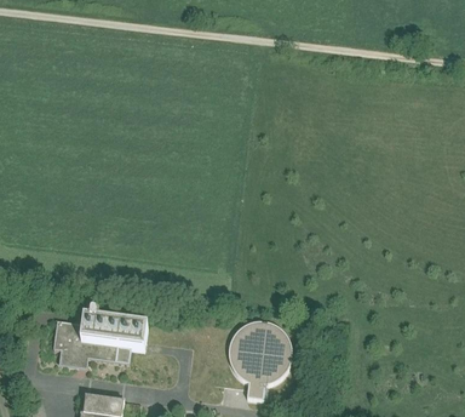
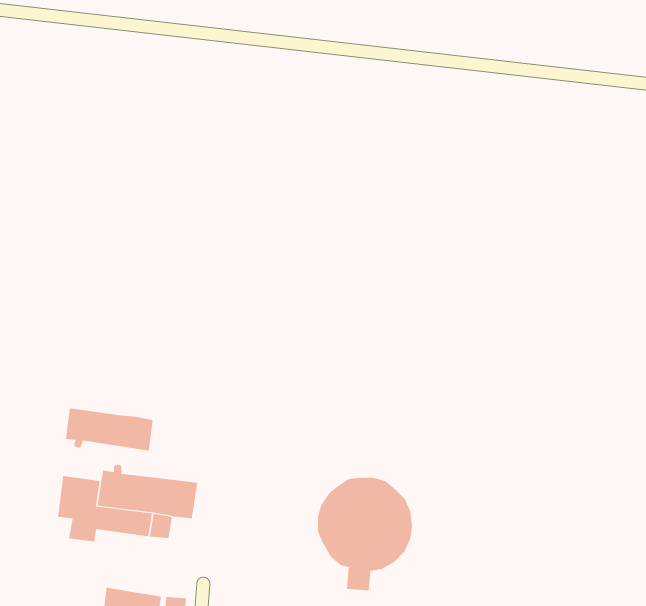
building: none -> [65,407,153,452]

